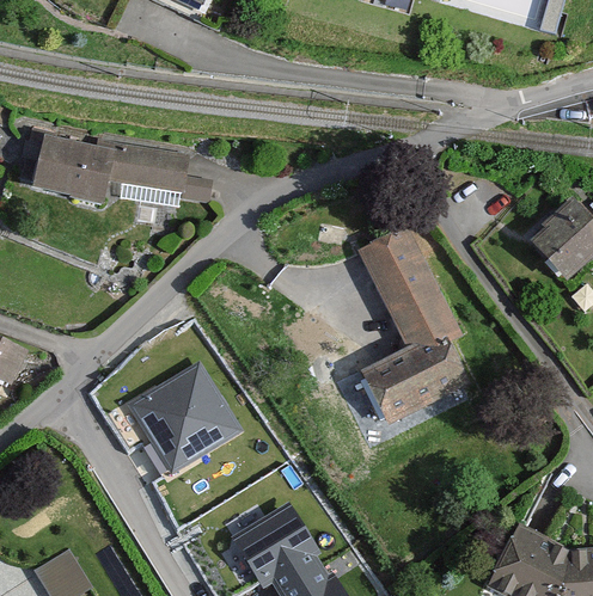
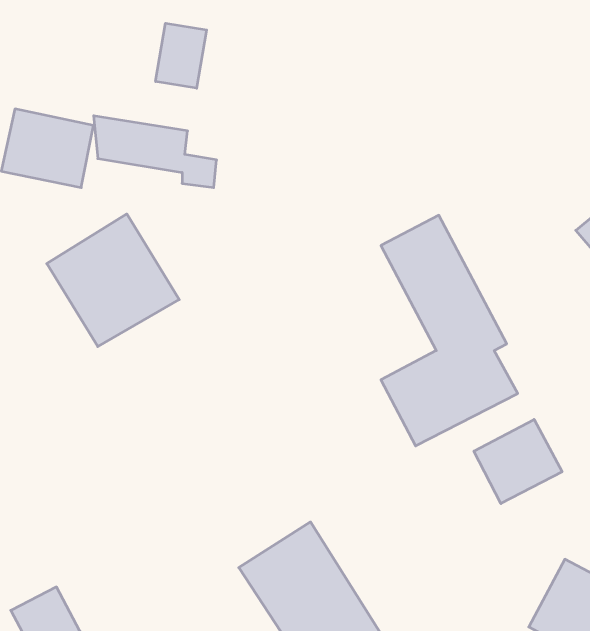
building: none -> [156,23,207,88]
building: [124,356,239,471] -> [47,214,179,347]
building: none -> [474,419,562,504]

